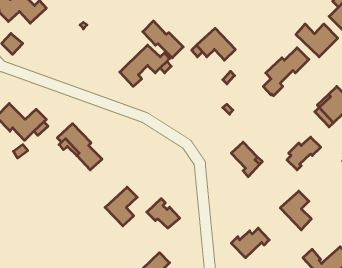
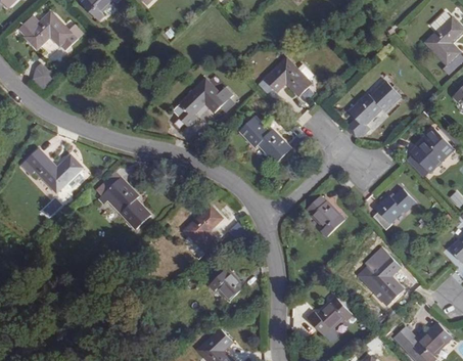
building: [143,21,183,58] -> [241,117,290,162]
building: [296,24,338,57] -> none
building: [105,187,137,226] -> [184,206,223,253]

